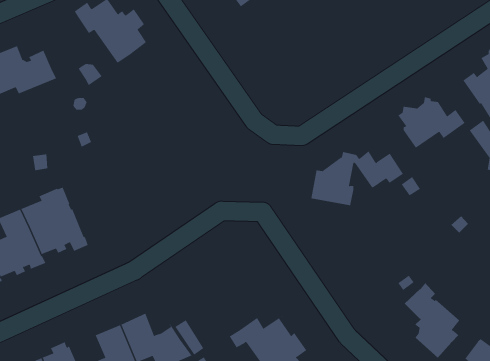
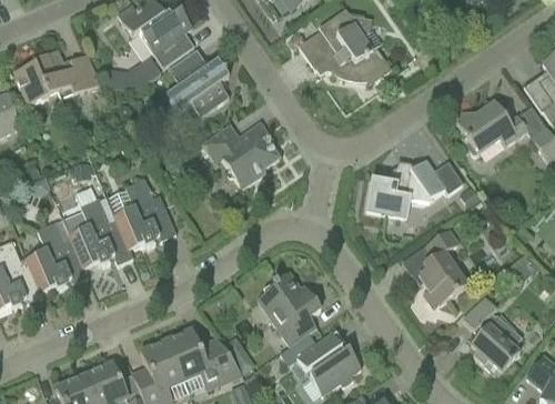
building: none -> [297,9,391,84]
building: none -> [164,49,229,117]
building: none -> [200,122,280,188]
building: none -> [105,179,175,249]
building: none -> [417,229,466,309]
building: none -> [256,271,320,346]

